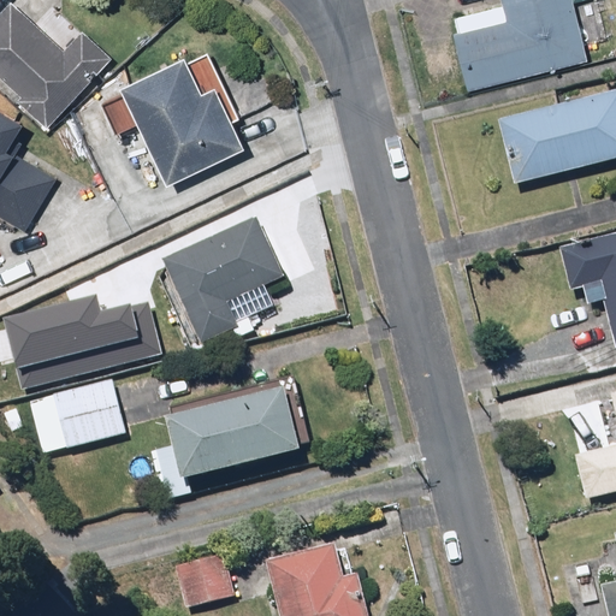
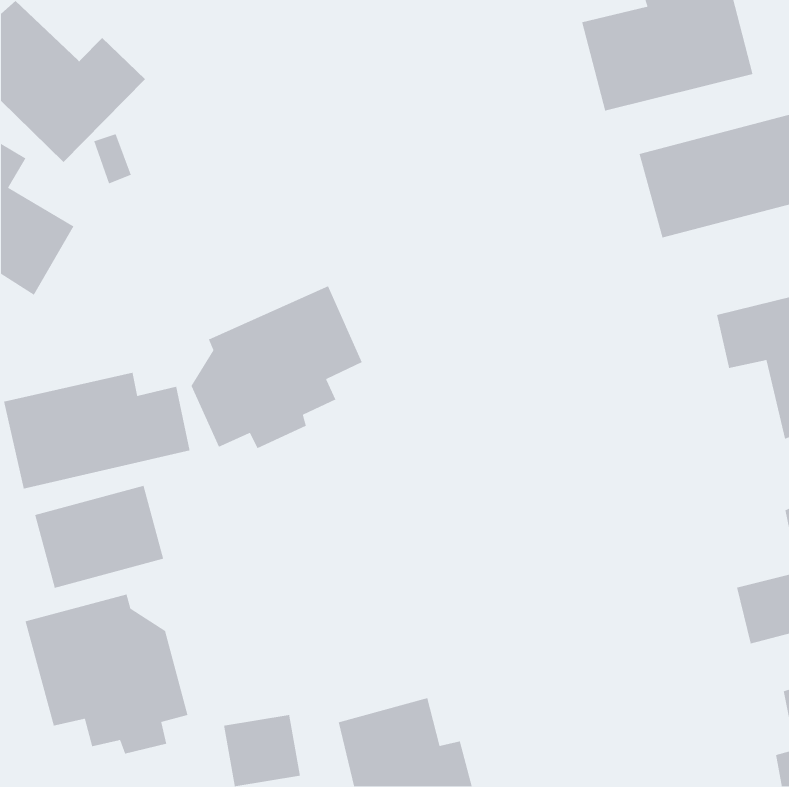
building: [117,55,243,183] -> none
building: [161,390,295,481] -> none
building: none -> [24,593,188,754]

